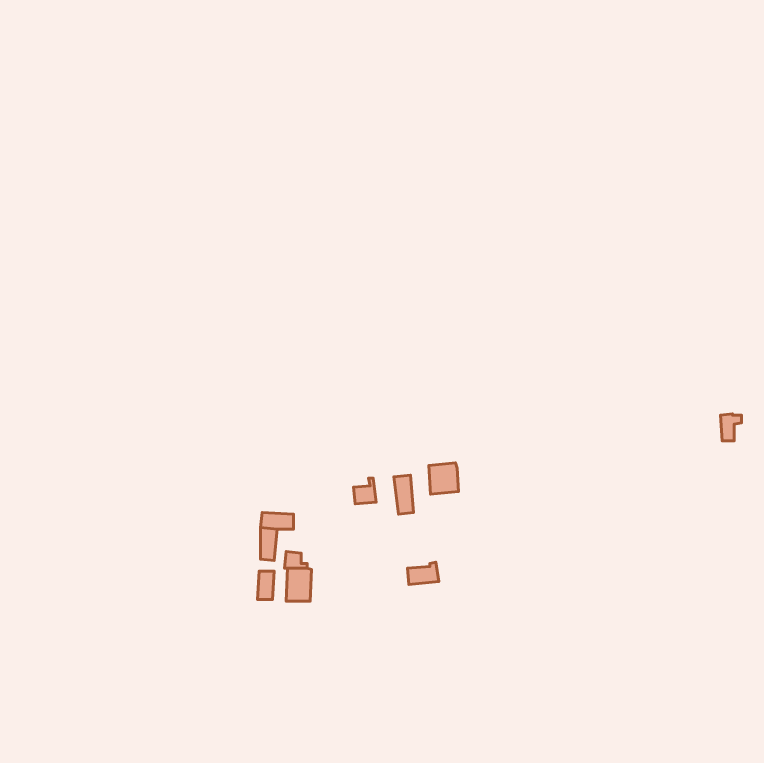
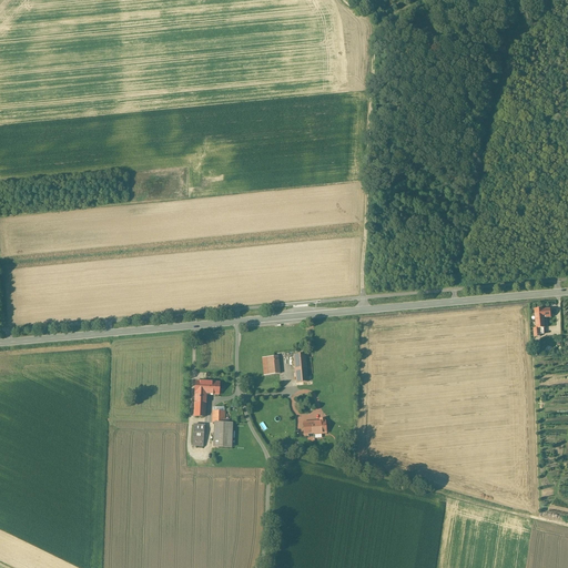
building: [429,463,458,494] -> none

